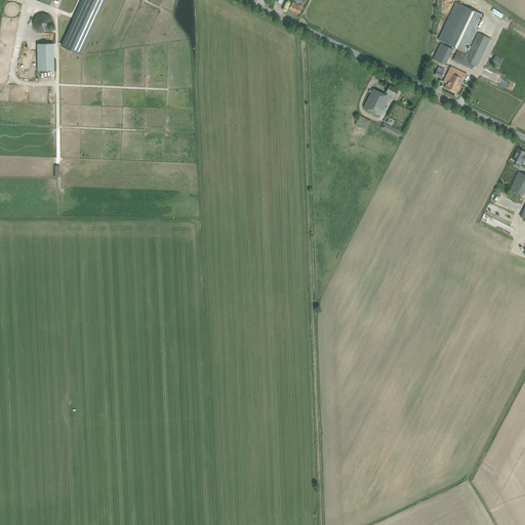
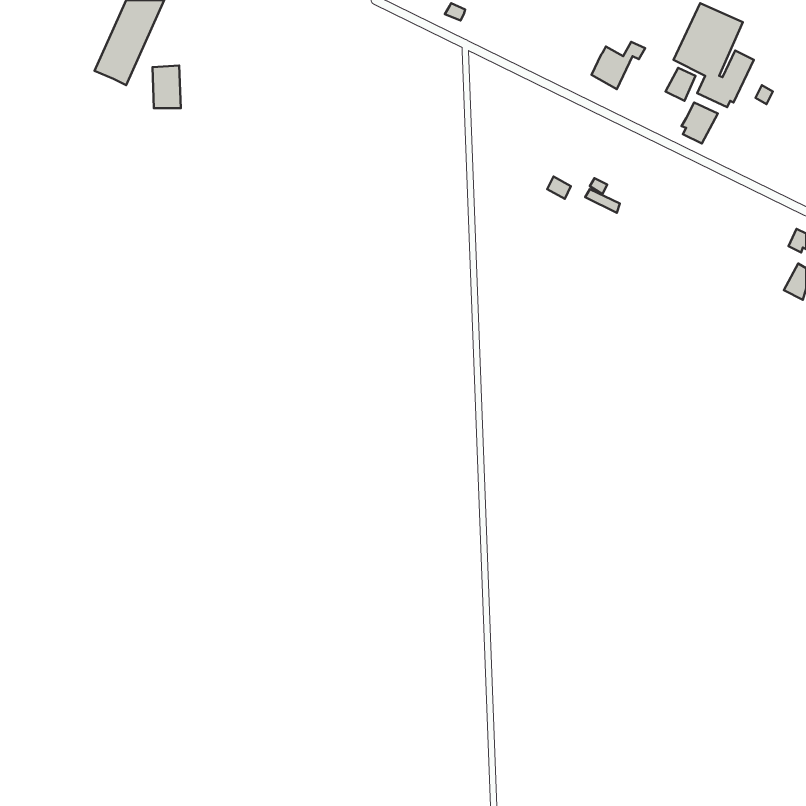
building: [38,43,56,71] -> [152,65,181,108]
building: [364,85,399,116] -> [592,42,645,89]

